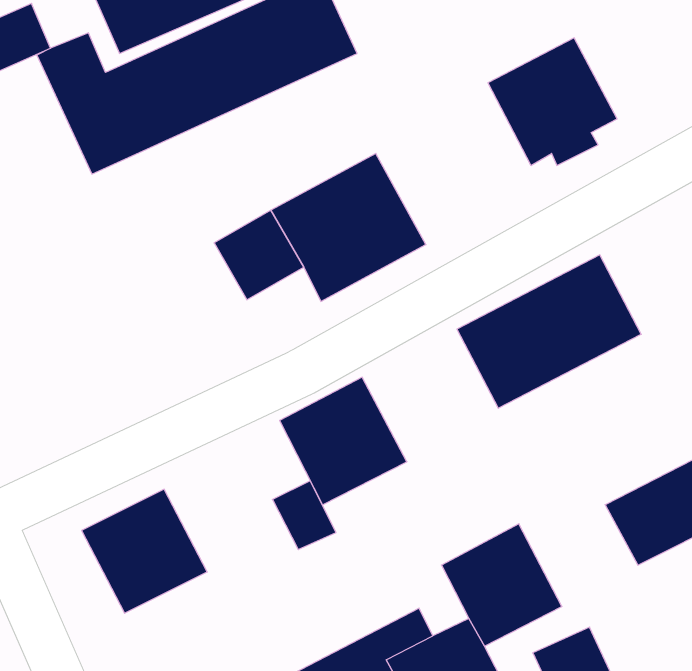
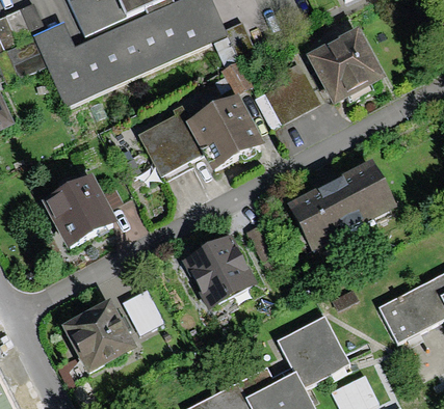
building: none -> [261,63,319,124]
building: none -> [42,169,117,245]
building: [272,481,336,550] -> [123,291,161,332]

